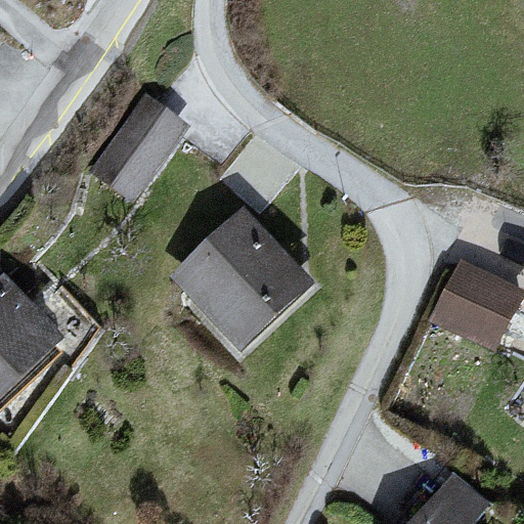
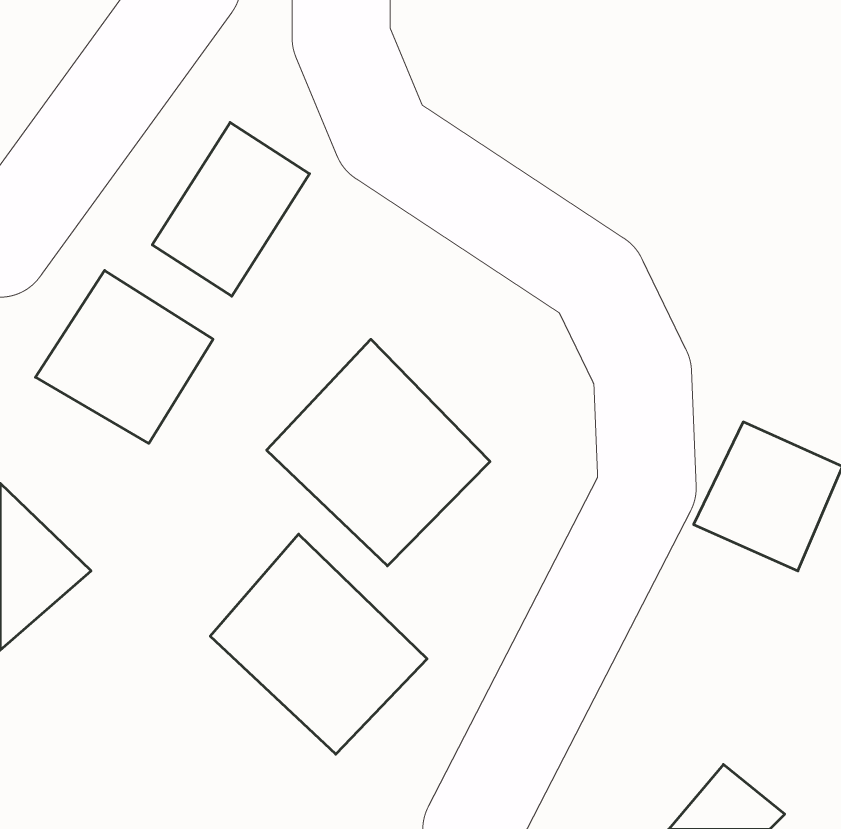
building: none -> [35,270,213,443]
building: none -> [210,534,427,754]

